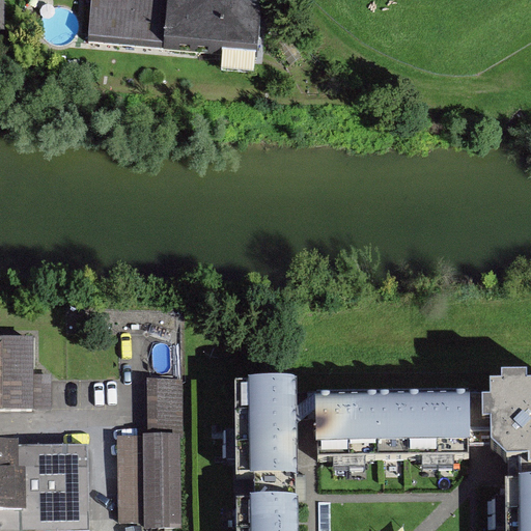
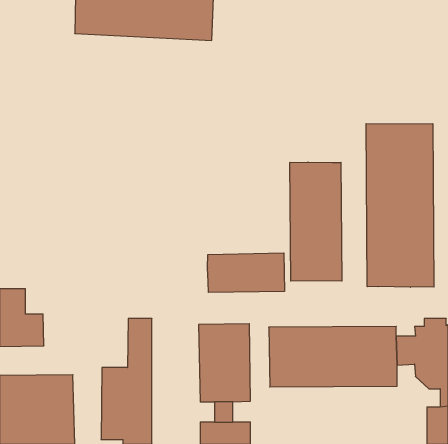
building: none -> [366,124,434,287]
building: none -> [290,162,342,281]
building: none -> [208,253,284,292]

